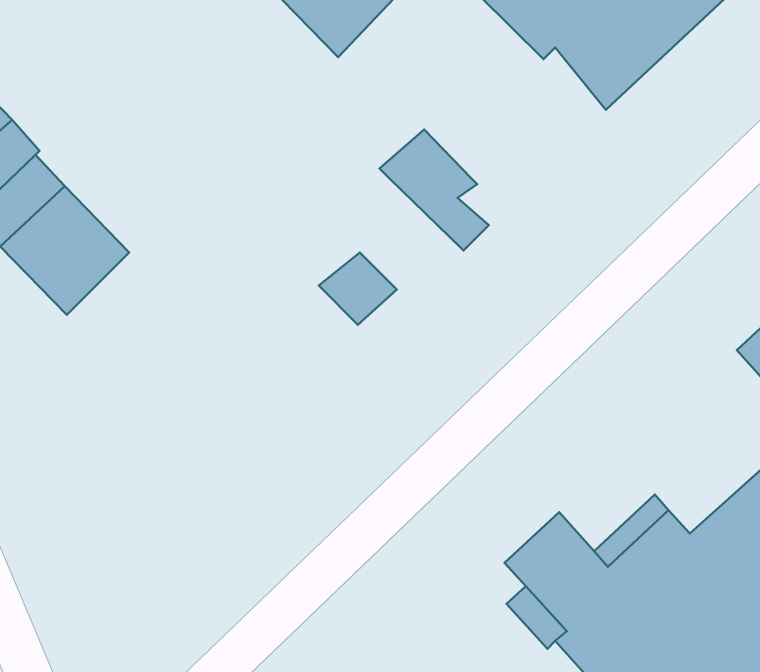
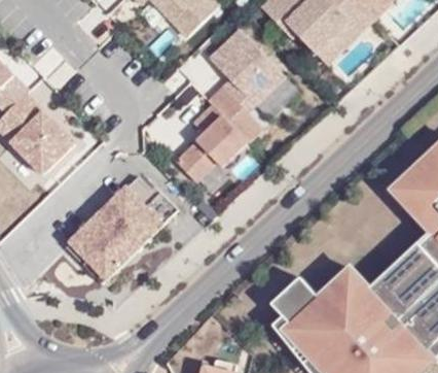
building: none -> [209,28,284,102]
building: none -> [193,102,249,164]
building: none -> [66,183,165,280]

